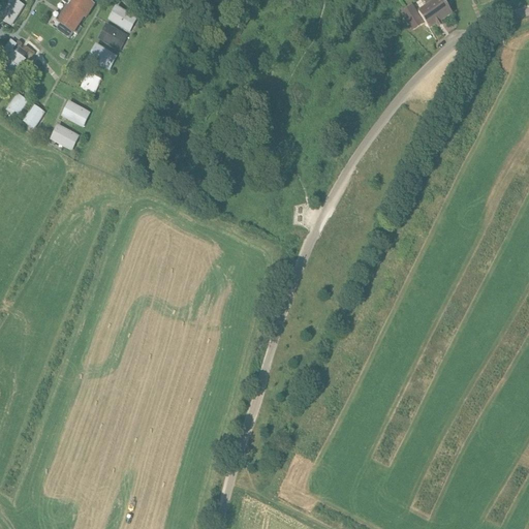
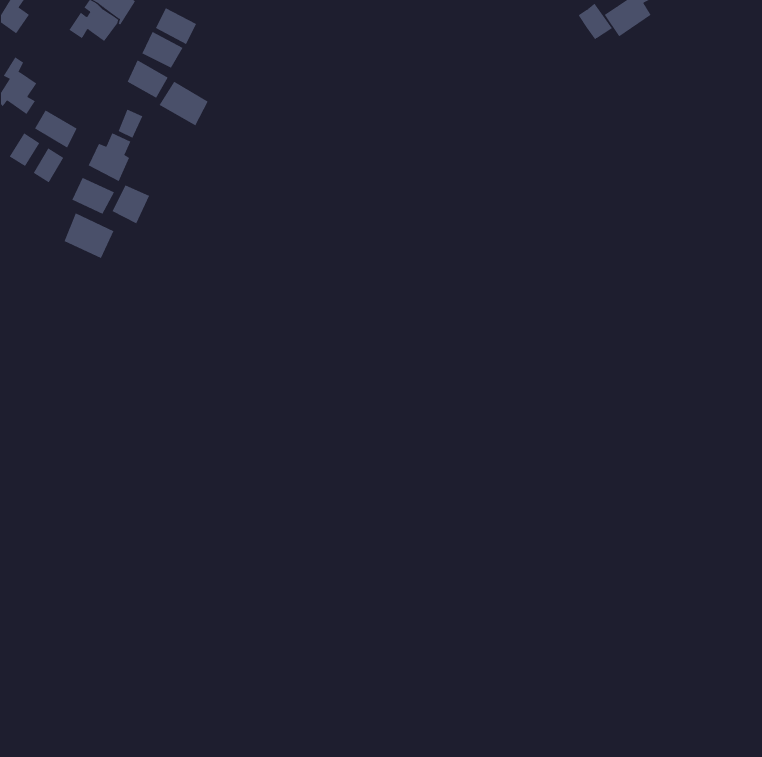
building: none -> [159,81,209,126]
building: none -> [34,110,77,149]
building: none -> [112,185,150,224]
building: none -> [64,213,114,259]

